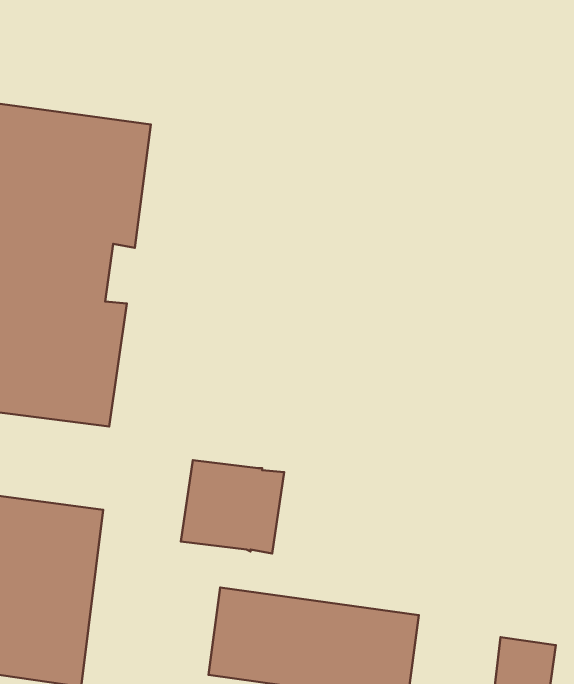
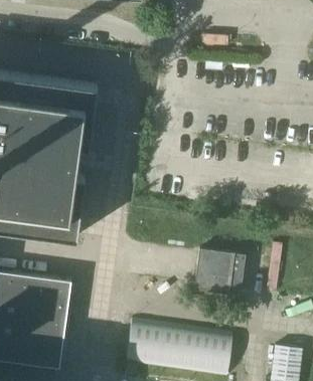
building: [181,460,284,553] -> [192,247,245,295]

